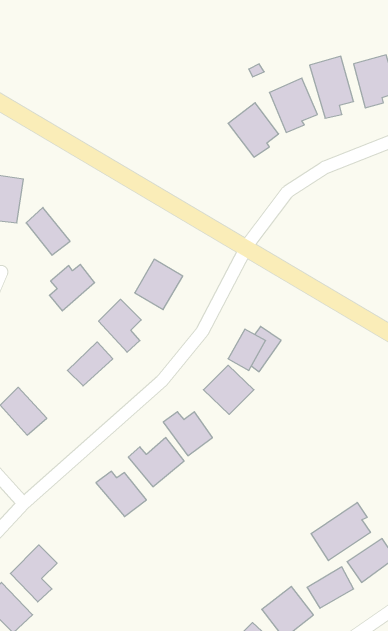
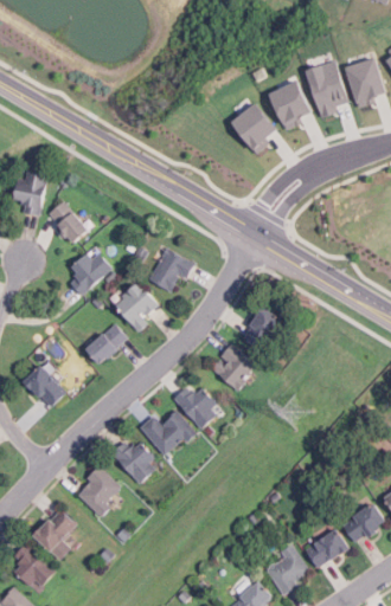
building: none -> [73,468,121,515]
building: [311,502,370,561] -> none

